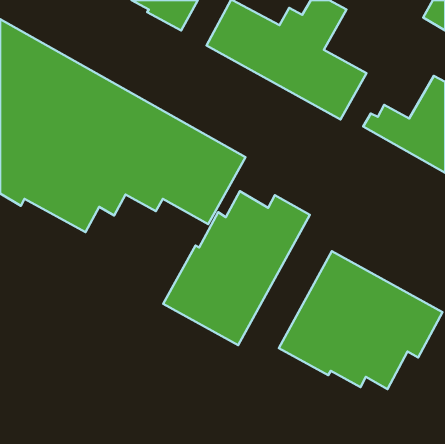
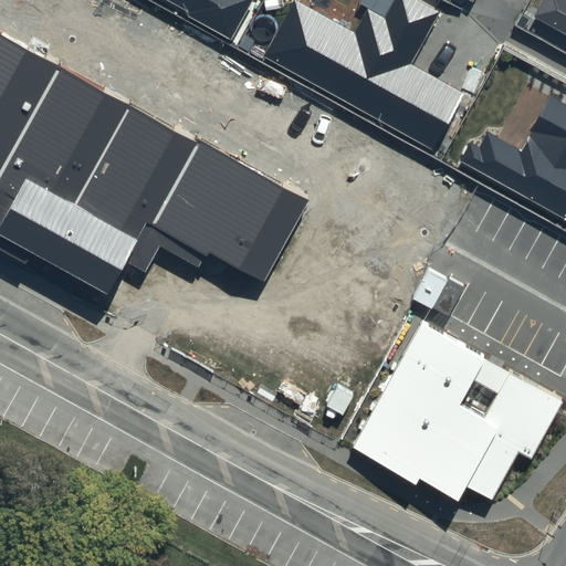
building: [163,191,310,345] -> none

